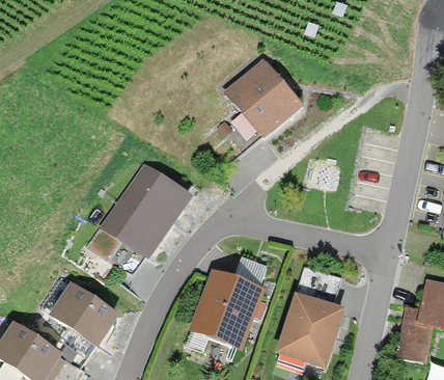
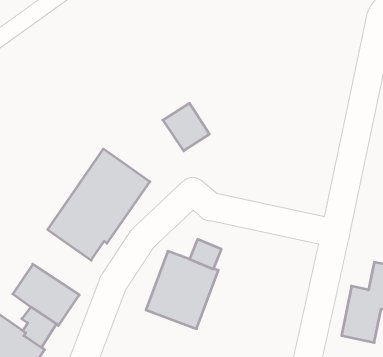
building: [224,59,302,138] -> none
building: [275,265,346,369] -> none

